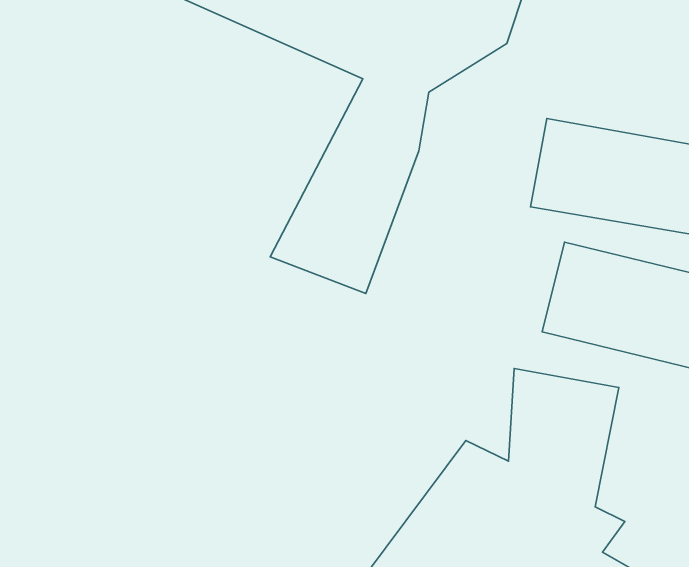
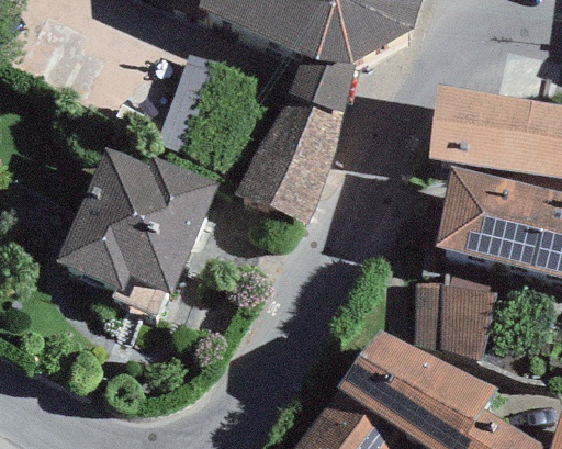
building: none -> [56,150,220,316]

